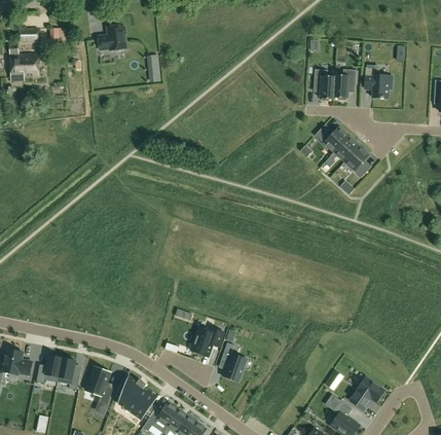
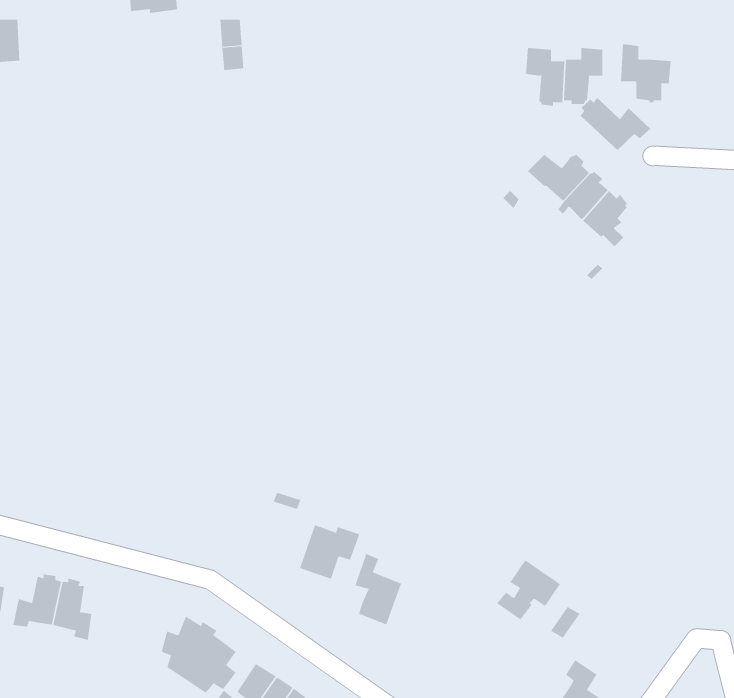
building: none -> [580,97,651,151]
building: [86,367,113,405] -> none
building: [350,376,384,409] -> [496,559,561,620]

